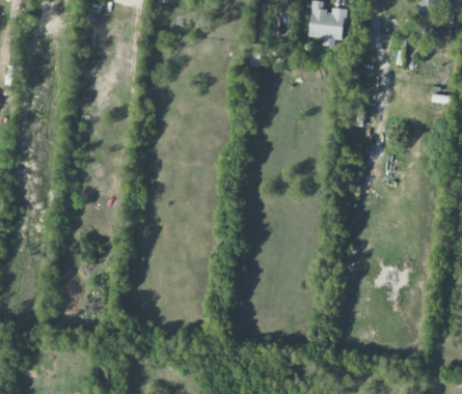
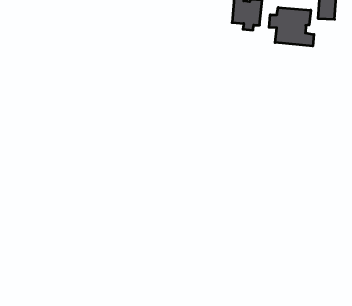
building: none -> [269,7,314,46]

